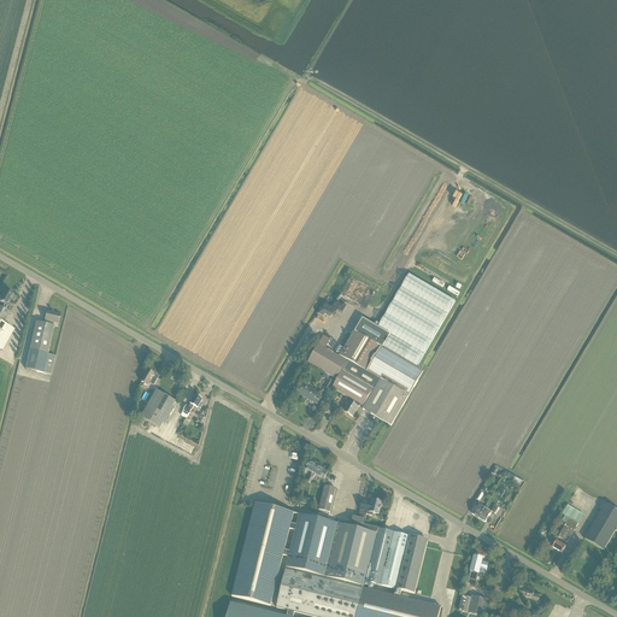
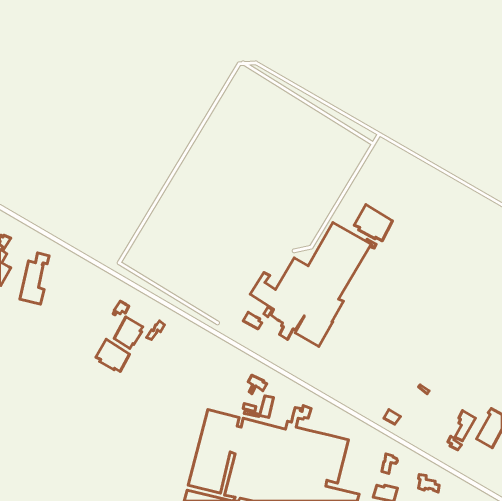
building: none -> [354,204,393,241]
building: none -> [96,339,130,371]

